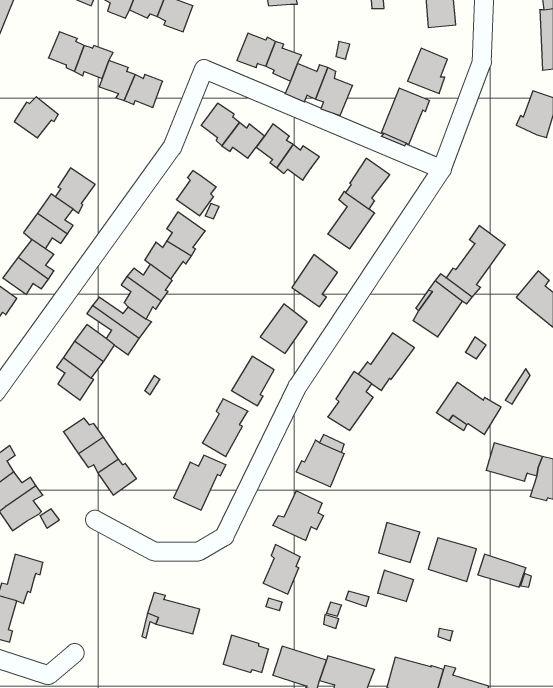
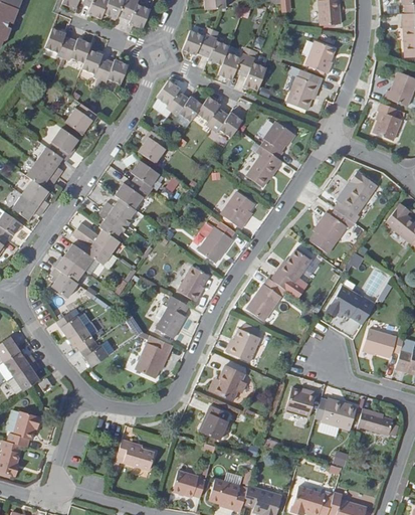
building: [14,97,58,138] -> [65,104,97,134]
building: none -> [374,102,401,140]
building: [378,570,414,602] -> none

